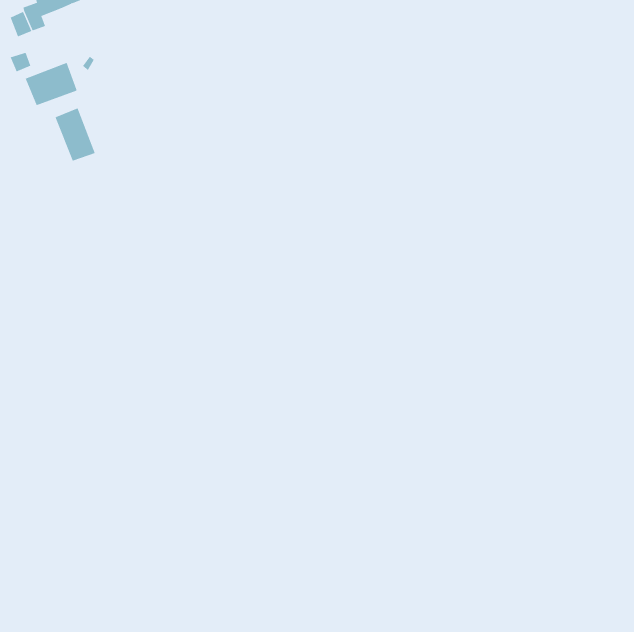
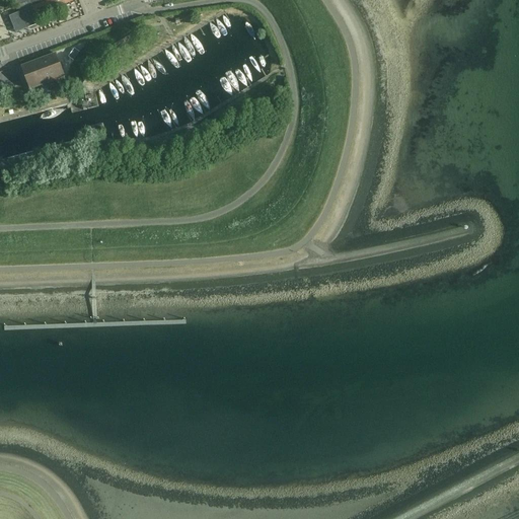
building: [55,107,96,162] -> none

